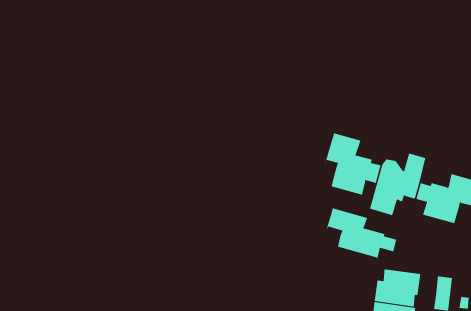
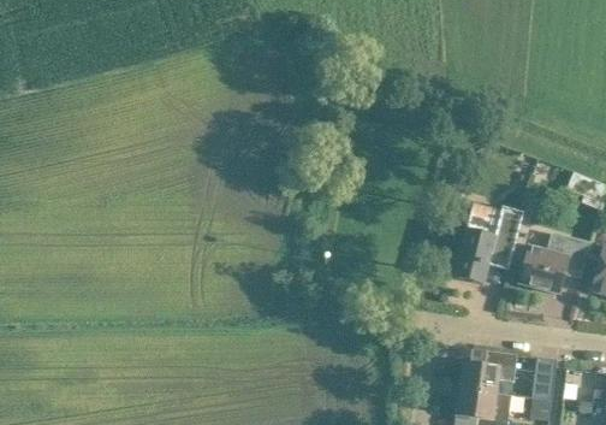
building: [324,132,381,195] -> none
building: [326,208,397,258] -> none

